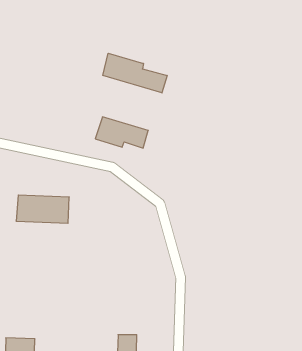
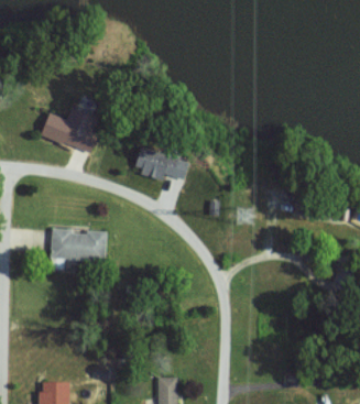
building: [103,53,167,93] -> none
building: none -> [41,107,97,154]

